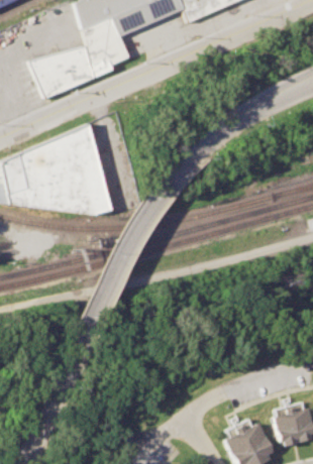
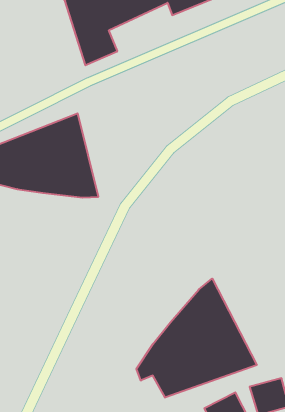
building: [31,44,94,96] -> none
building: none -> [136,279,257,398]

